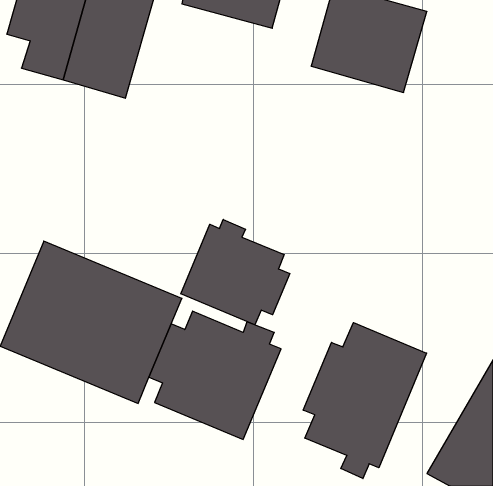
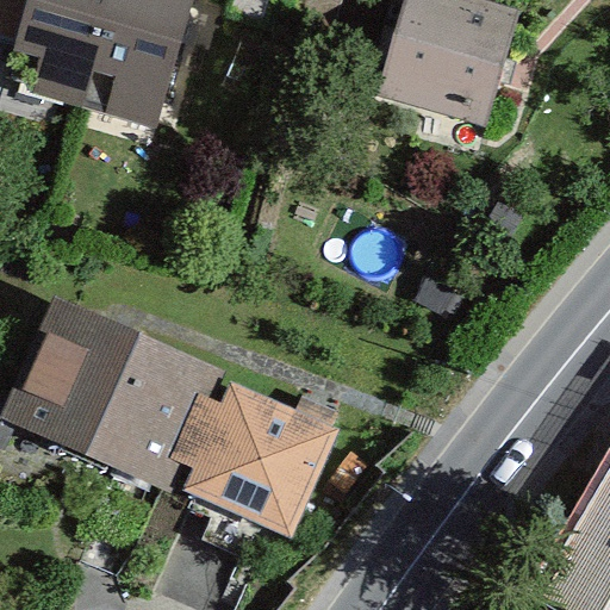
building: [181,219,290,325] -> none
building: [303,323,427,479] -> none

